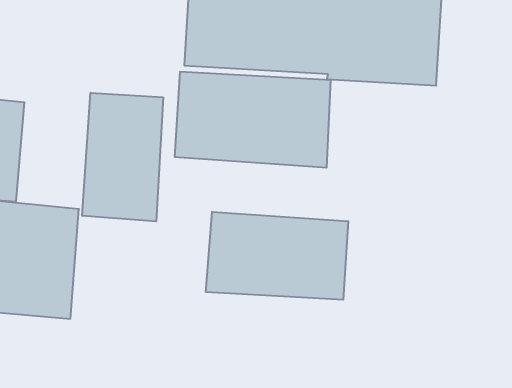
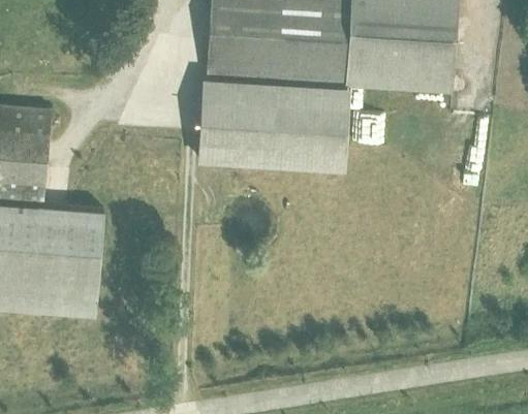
building: [82,93,163,221] -> none
building: [206,212,348,300] -> none

